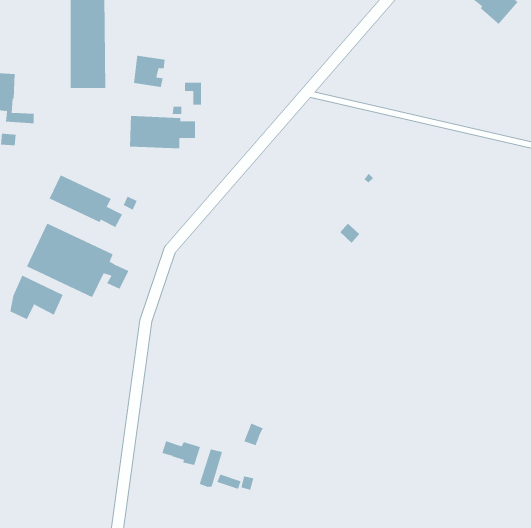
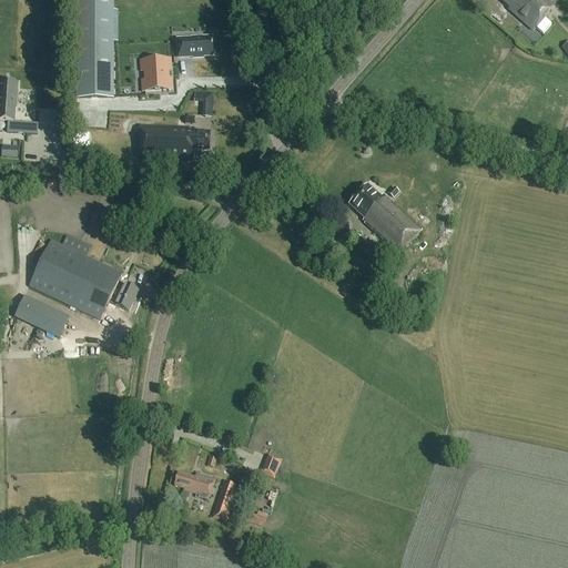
building: none -> [175,34,212,54]
building: none -> [347,182,420,252]
building: [49,174,123,228] -> none

